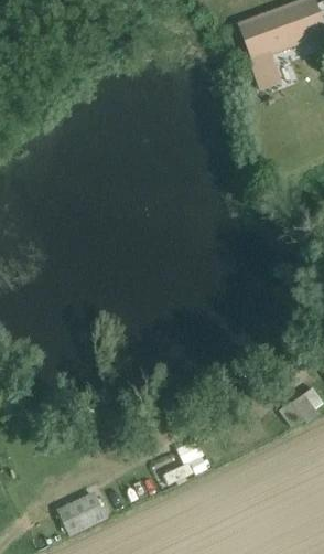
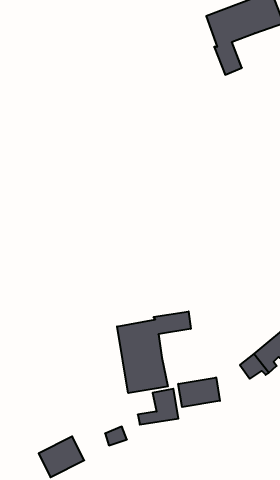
building: none -> [117,311,191,393]
building: none -> [178,377,220,407]

